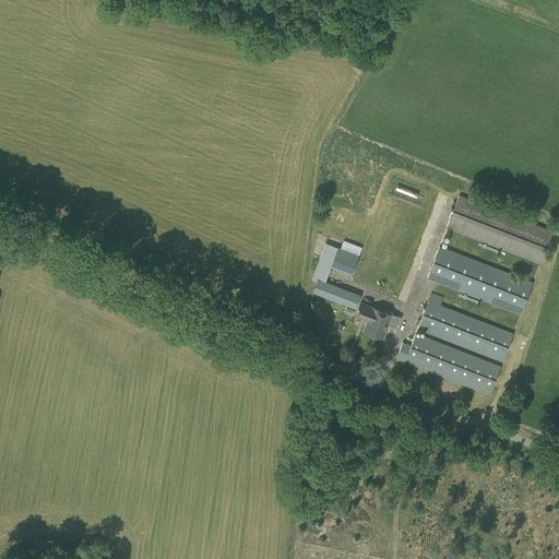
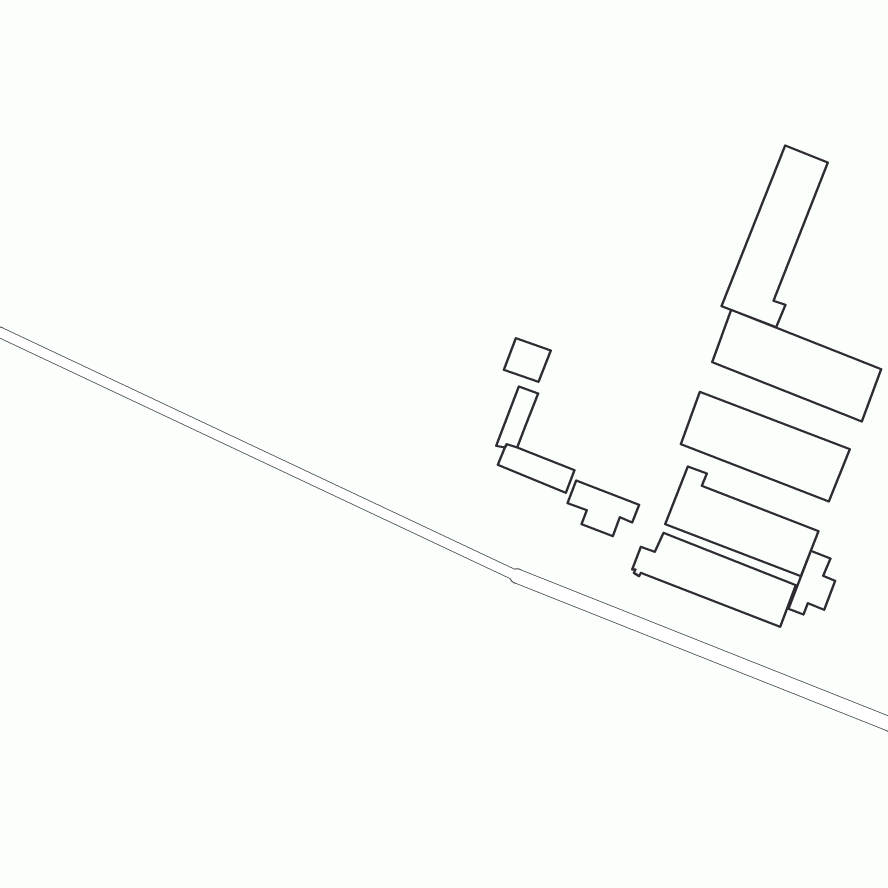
building: none -> [721,145,828,327]
building: [331,248,360,275] -> [504,338,551,382]
building: none -> [788,551,835,615]

